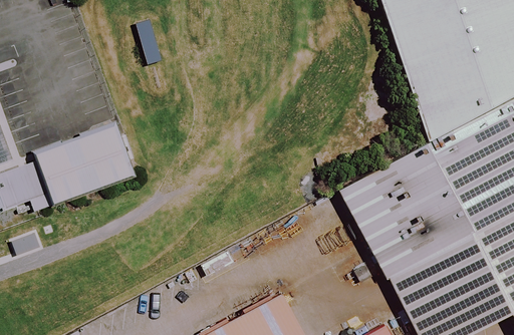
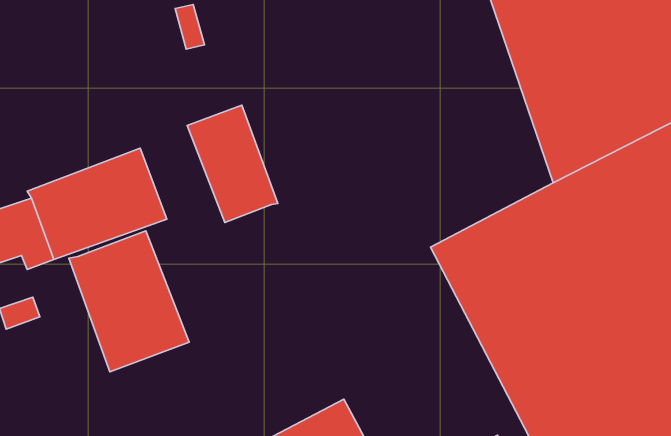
building: none -> [187,105,278,222]
building: none -> [69,231,189,372]

